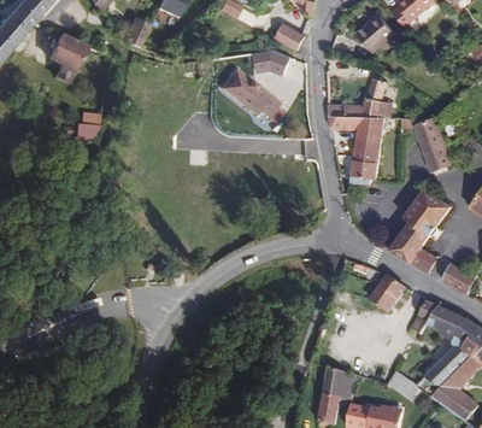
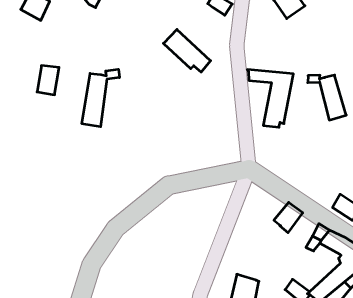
building: [248,49,288,75] -> none
building: [328,77,393,117] -> none
building: none -> [82,69,119,127]
building: [389,187,449,271] -> none

